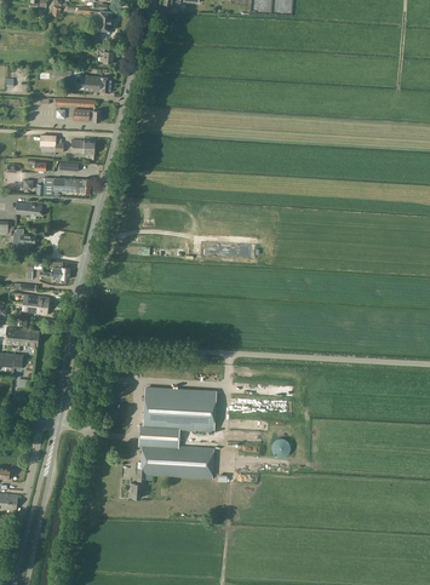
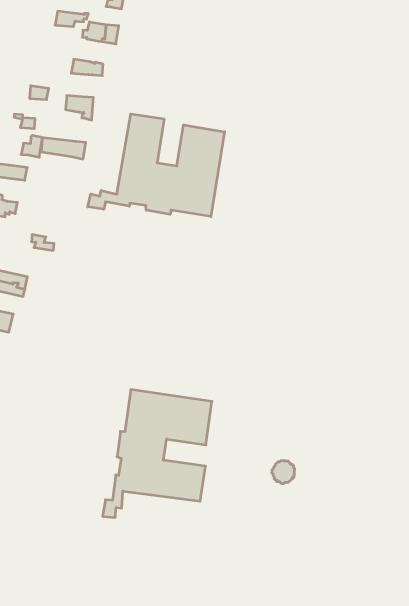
building: none -> [88,114,225,217]

